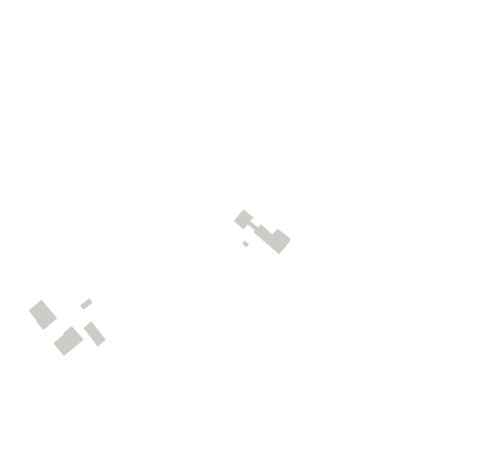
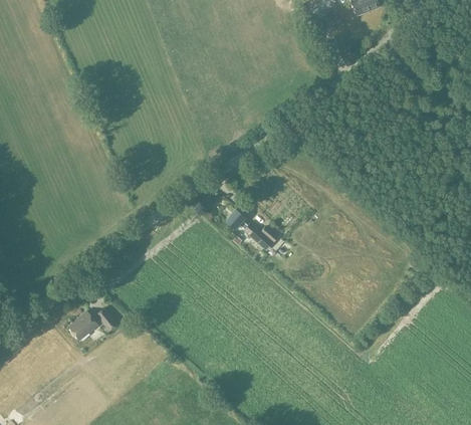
building: [27,299,58,331] -> none

